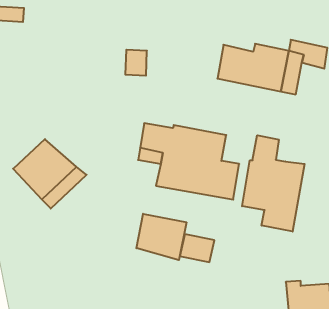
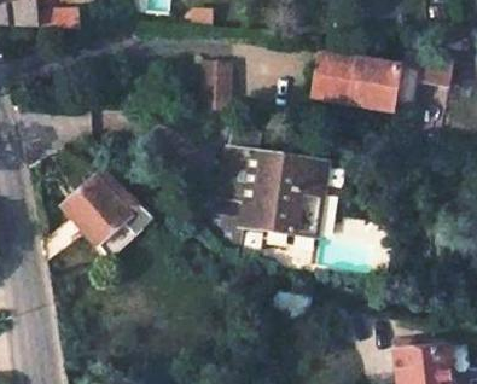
building: [242,135,305,232] -> none
building: [136,214,186,260] -> none

